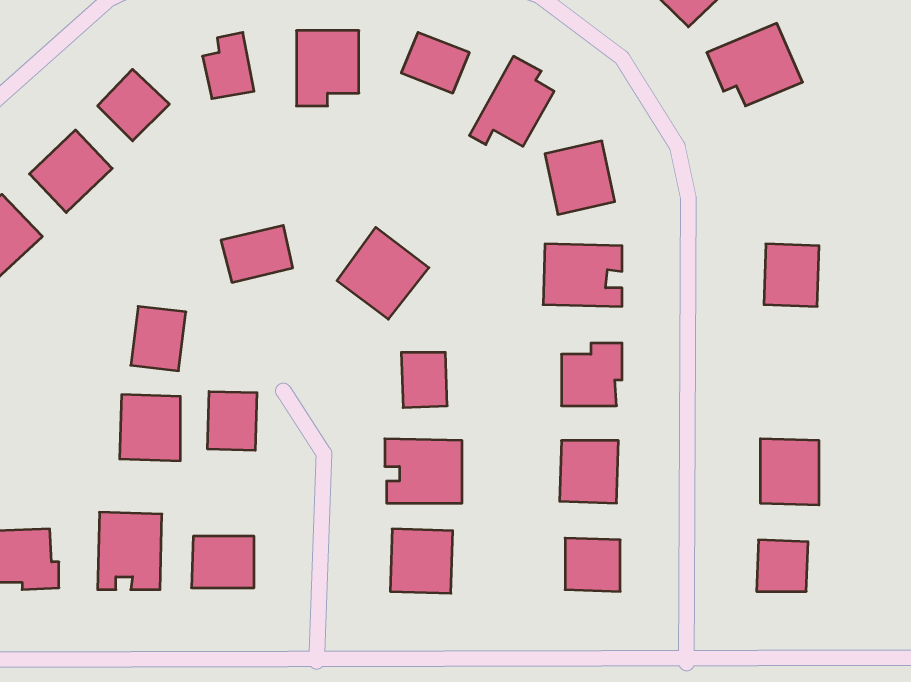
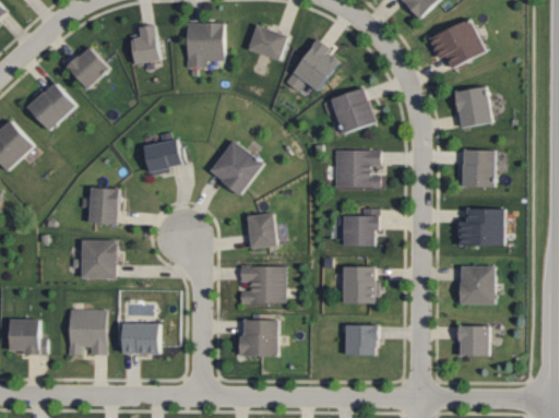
building: none -> [455,86,490,127]
building: none -> [459,208,504,246]
building: [208,391,257,450] -> none

